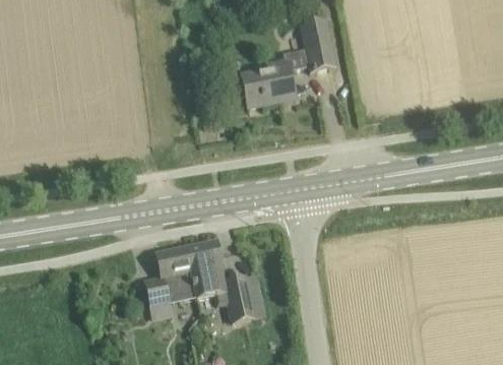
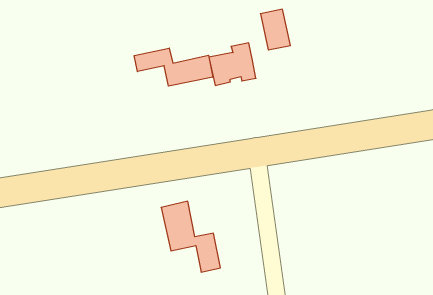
building: none -> [134,48,213,86]
building: [146,248,199,308] -> none

